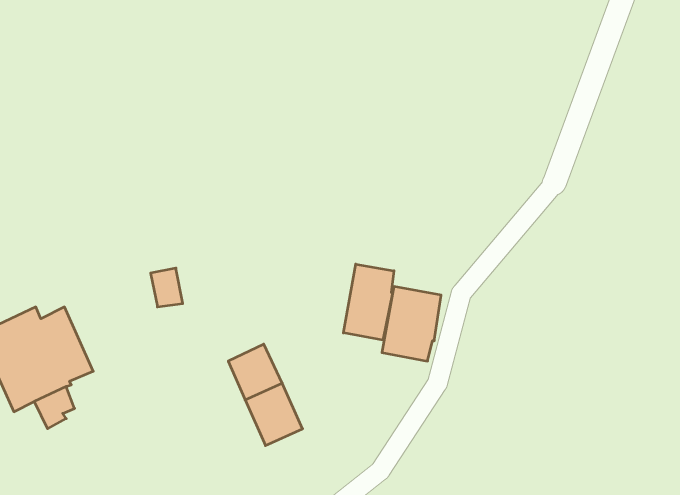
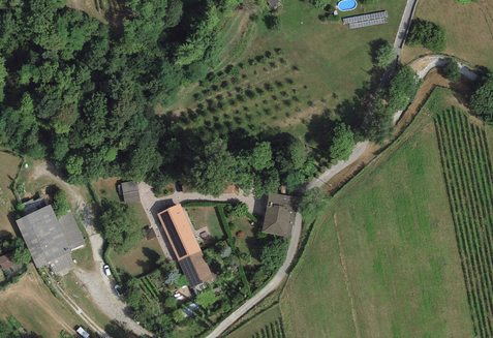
building: [343,264,394,340] -> none
building: none -> [156,204,189,237]

